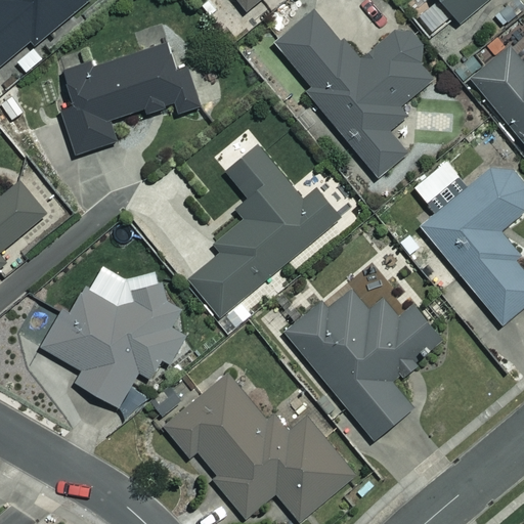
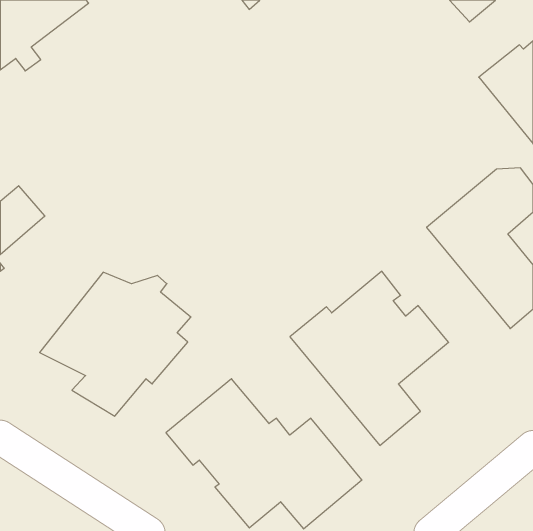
building: [273,9,438,178] -> none
building: [57,40,199,163] -> none
building: [189,146,339,317] -> none

